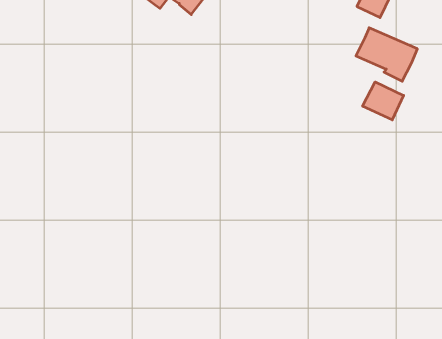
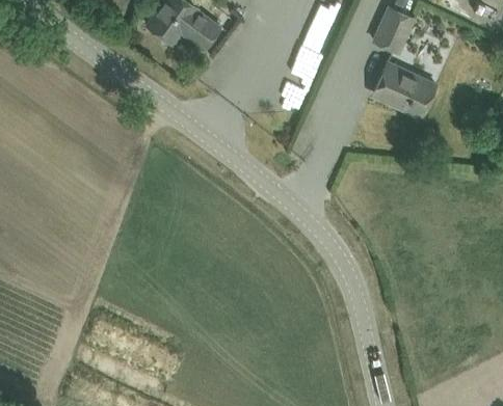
building: [363,82,404,120] -> none

